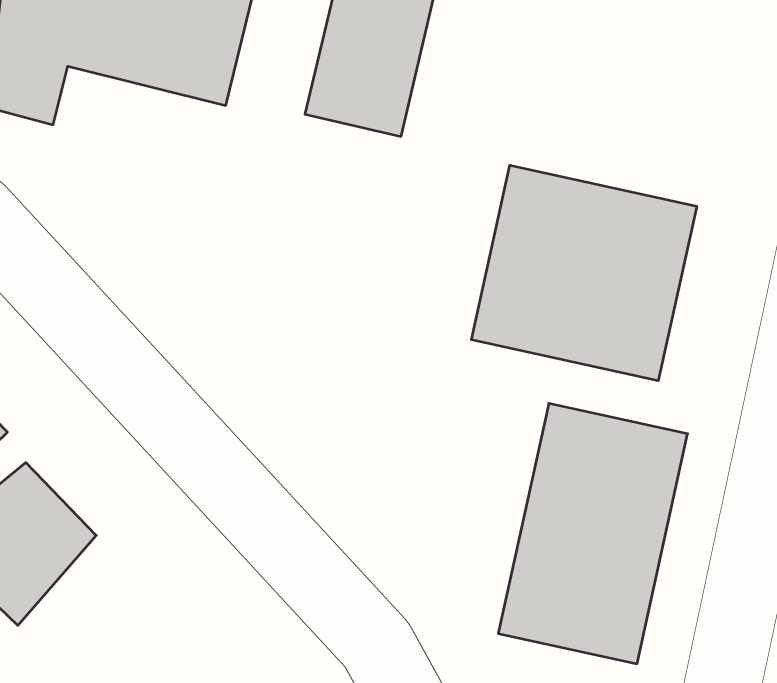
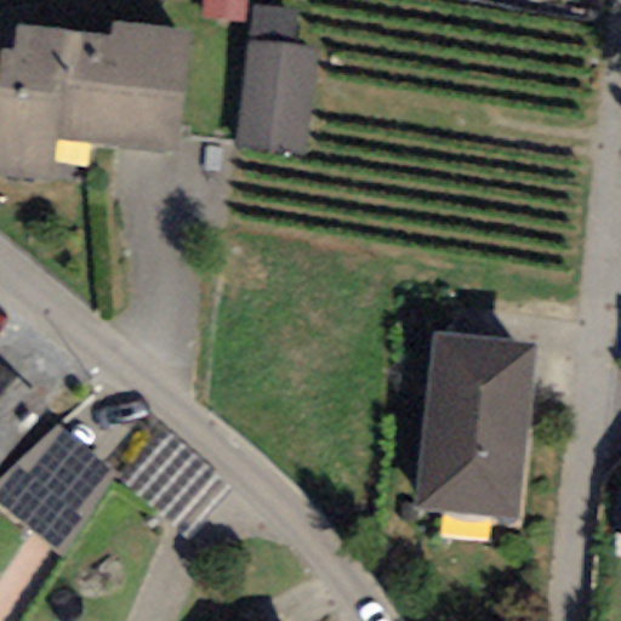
building: [471,165,697,381] -> none

